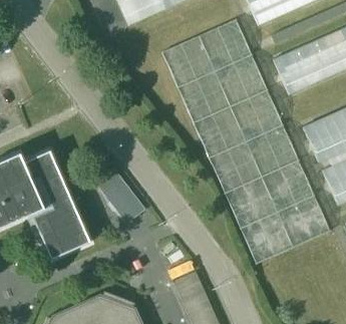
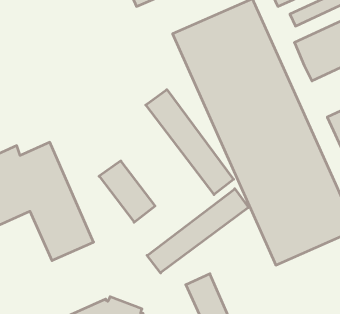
building: none -> [146,90,234,195]
building: none -> [147,189,248,273]

